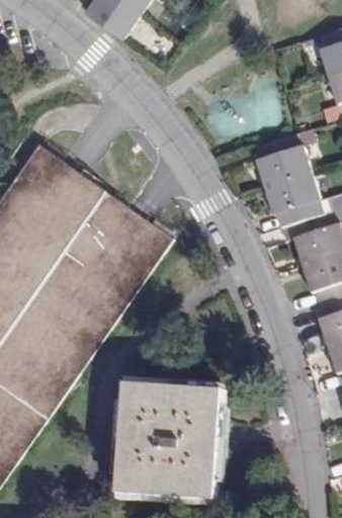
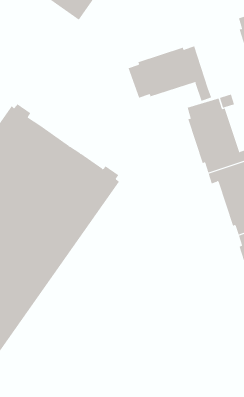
building: none -> [128,45,212,102]
building: [118,383,226,501] -> none

